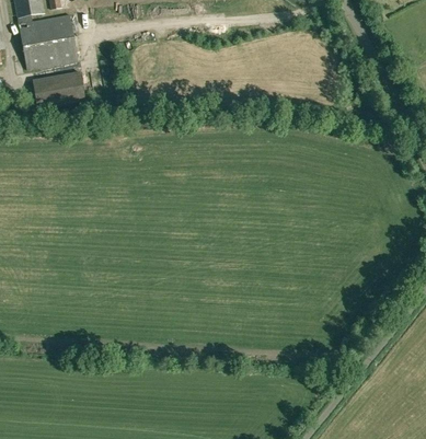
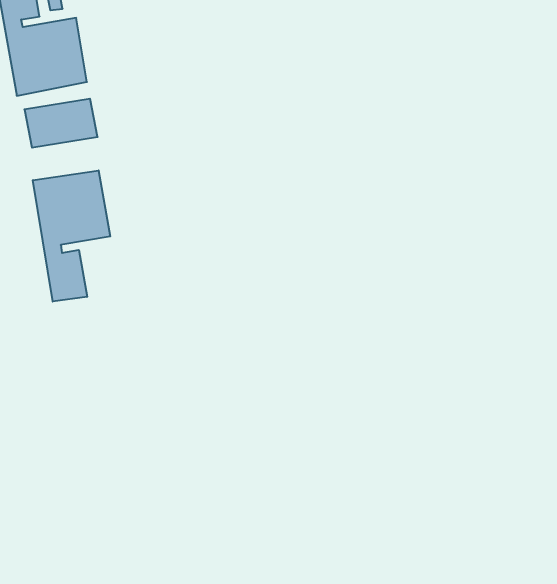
building: none -> [33,170,110,302]

